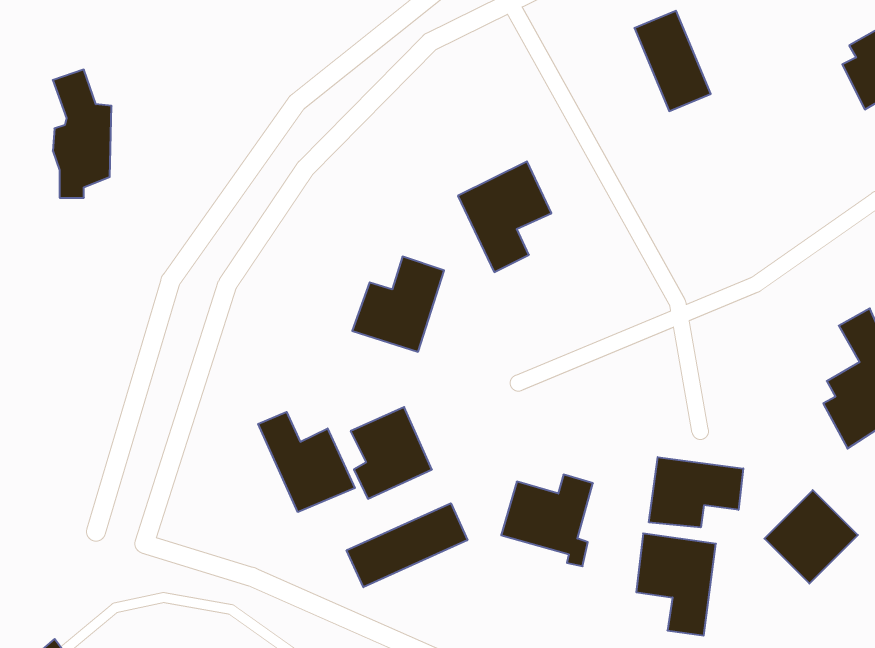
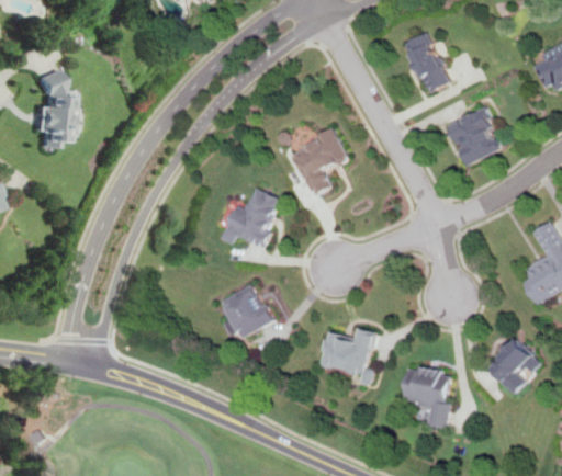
building: none -> [447,106,505,166]
building: [258,412,355,512] -> none
building: [649,457,743,527] -> none
building: [347,503,467,587] -> none

